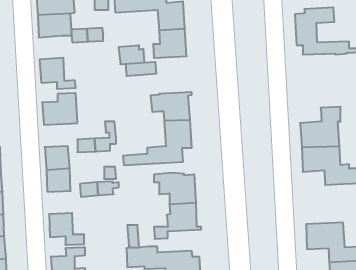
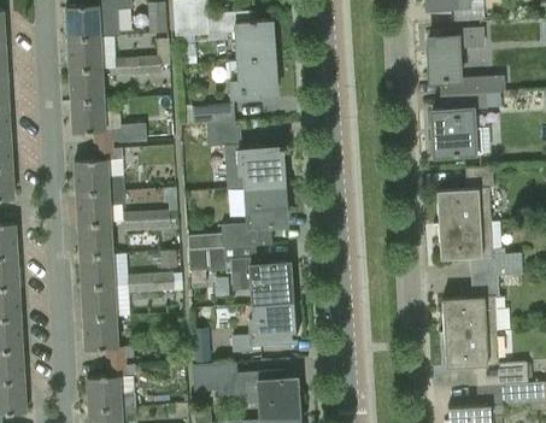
building: none -> [70,67,105,101]
building: [119,45,144,64] -> [206,121,242,147]
building: none -> [433,93,489,155]
building: none -> [77,190,125,224]
building: none -> [189,247,231,271]
building: none -> [442,276,499,333]
building: none -> [82,286,117,318]

